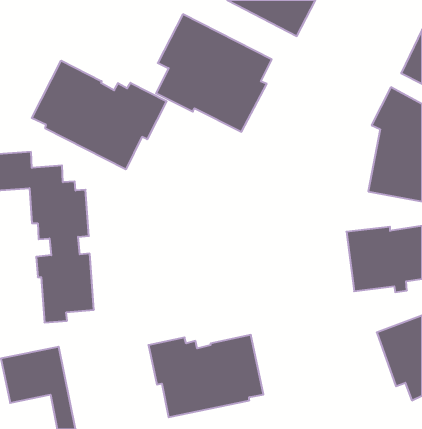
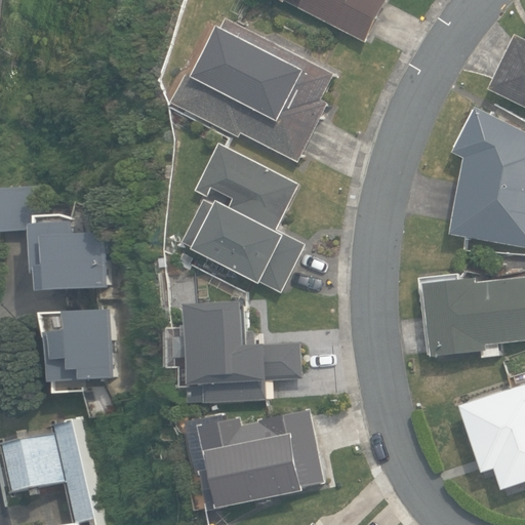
building: [32,61,167,169] -> none
building: none -> [179,143,304,292]
building: none -> [162,301,301,403]

